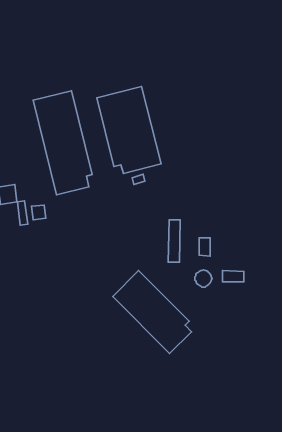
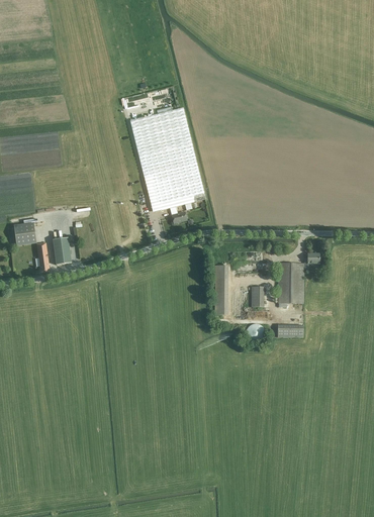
building: [33,91,92,195] -> none
building: none -> [278,252,319,303]
building: [113,271,191,354] -> none

